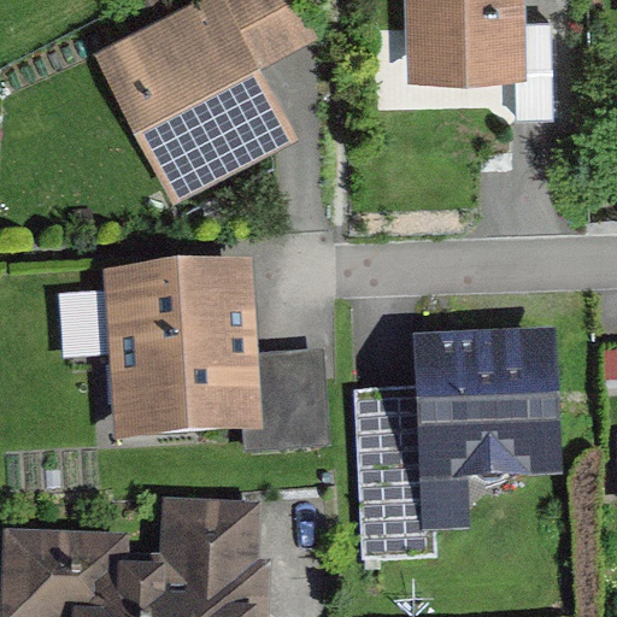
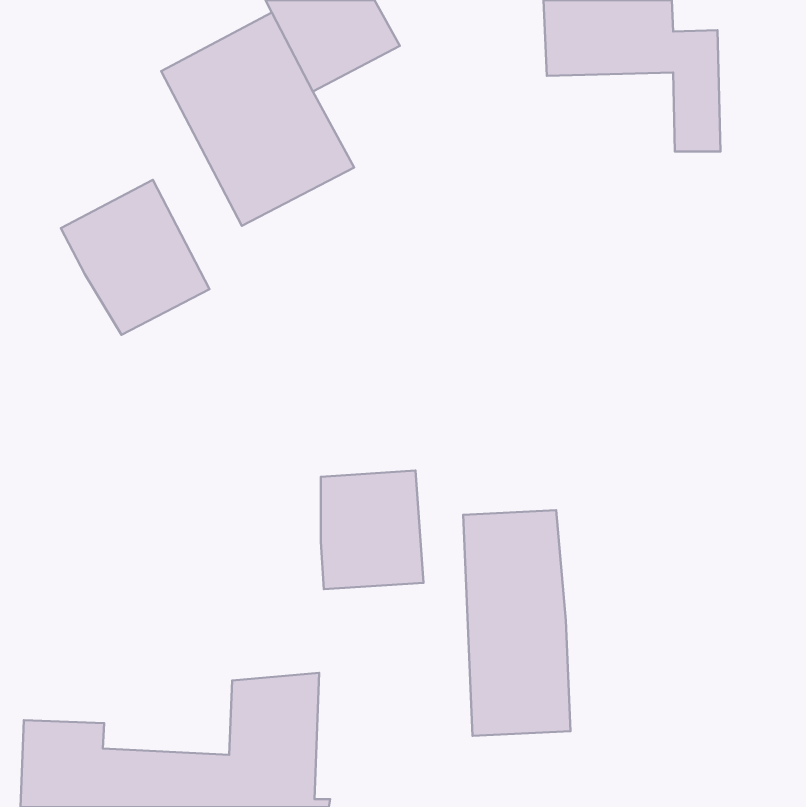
building: none -> [61,180,210,335]
building: [116,283,245,421] -> none
building: [423,347,550,481] -> none

